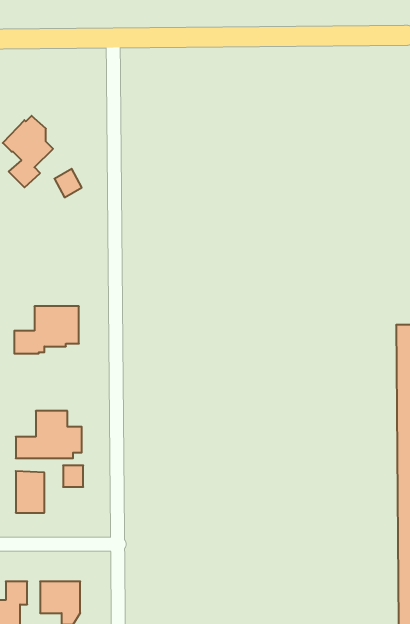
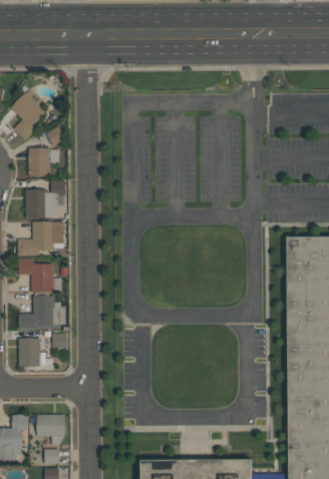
building: none -> [28,148,59,176]
building: none -> [25,180,65,217]
building: none -> [18,258,61,292]

